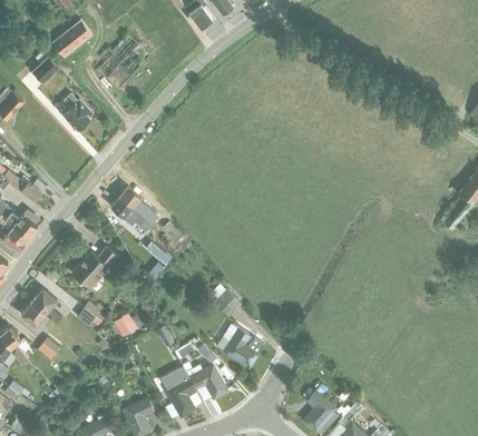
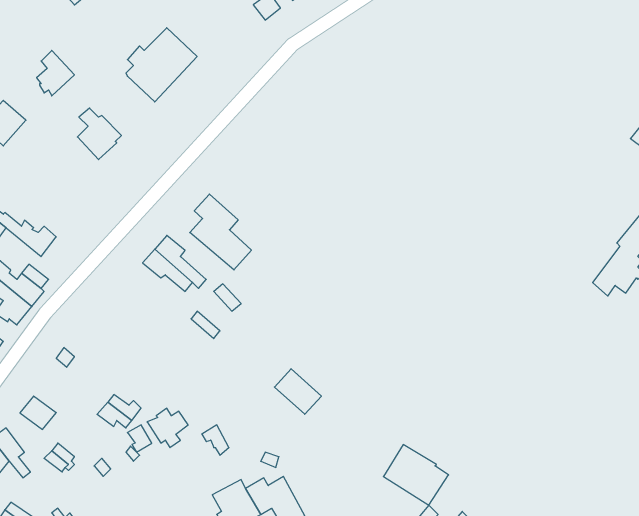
building: [52,20,91,57] -> none
building: none -> [190,194,251,270]
building: [70,245,117,289] -> none
building: [29,288,60,324] -> none
building: [215,323,263,367] -> [383,445,449,505]

